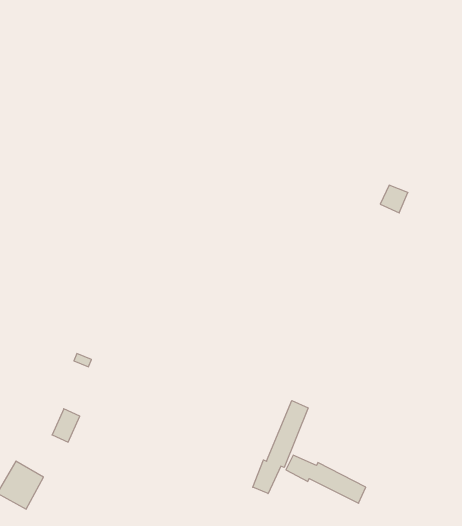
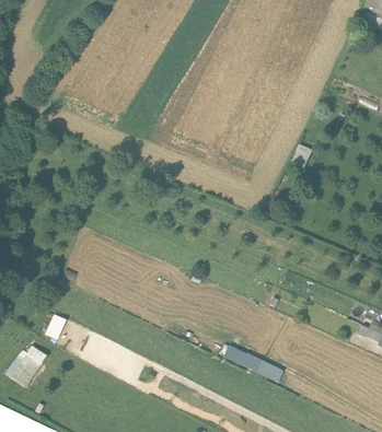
building: [253,401,308,494] -> none

